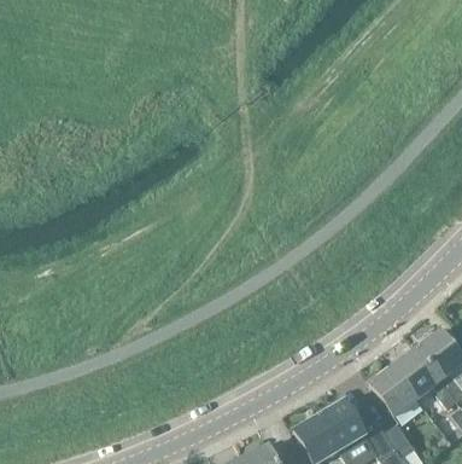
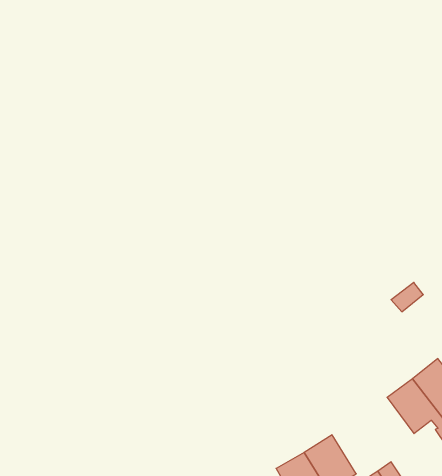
building: [369,365,417,422] -> none

